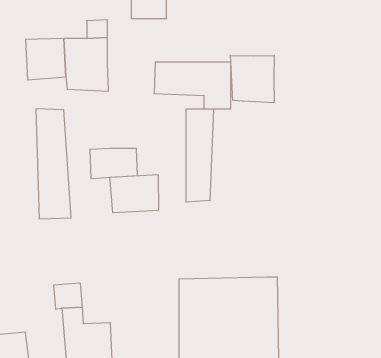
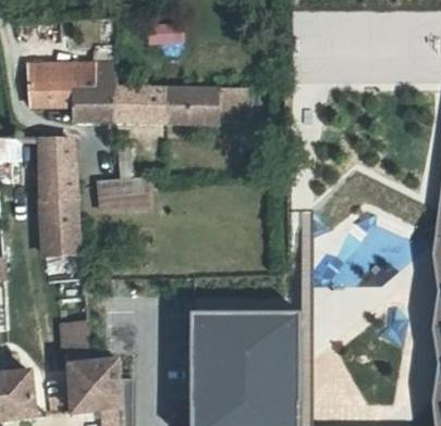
building: [230,55,274,103] -> none
building: none -> [117,89,167,122]
building: [186,109,214,202] -> none
building: [110,175,159,213] -> none

